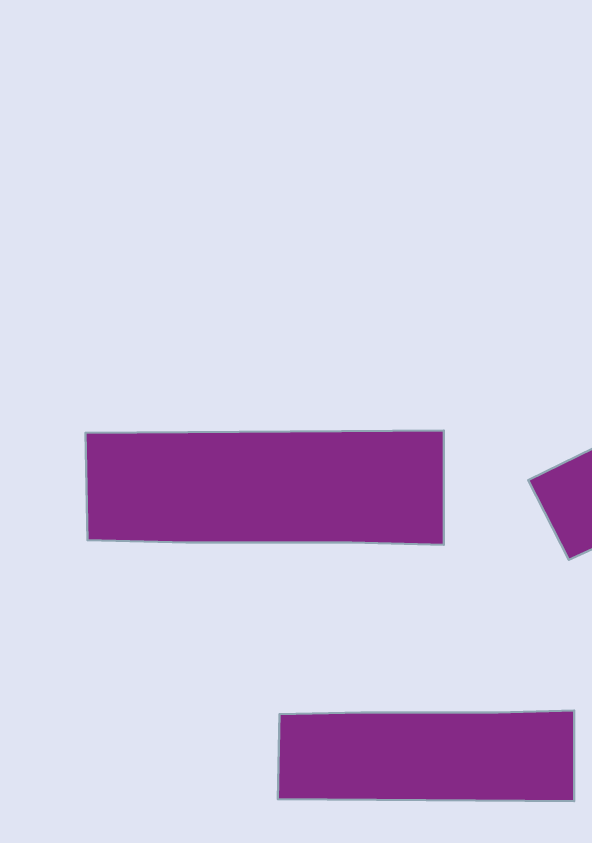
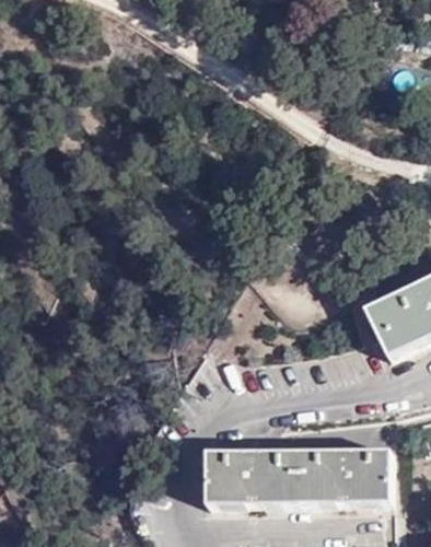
building: [85,431,444,545] -> none

